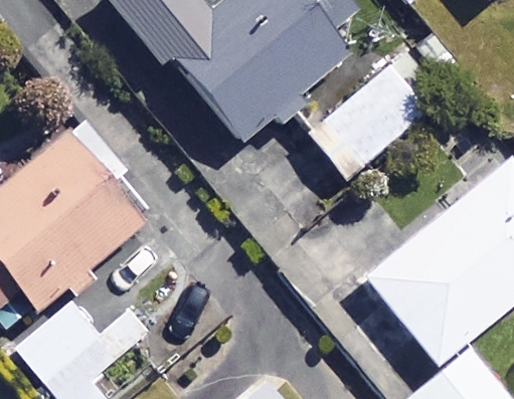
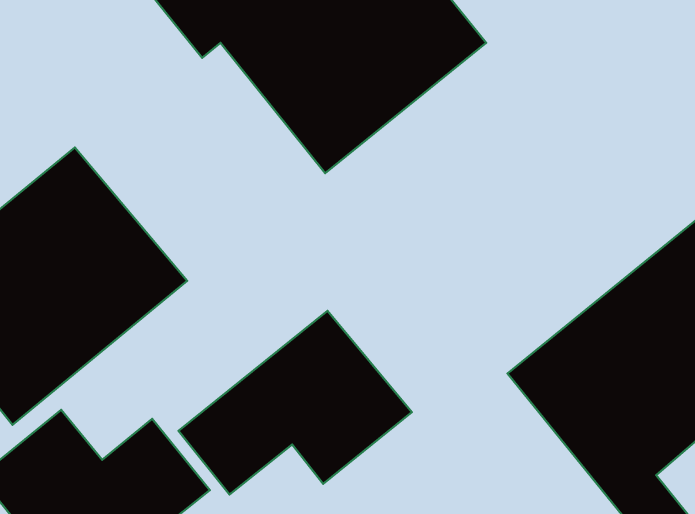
building: [305,60,433,182] -> none
building: none -> [179,311,412,495]

